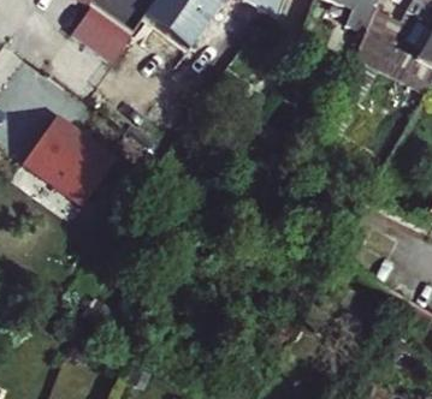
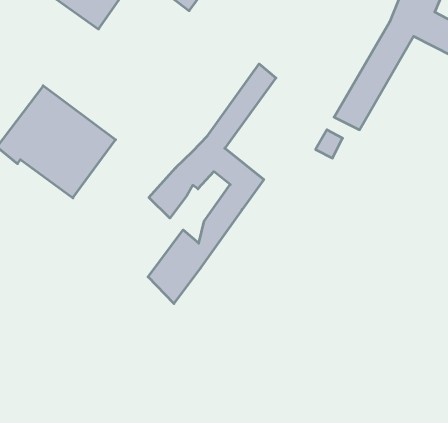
building: none -> [148,64,276,304]

